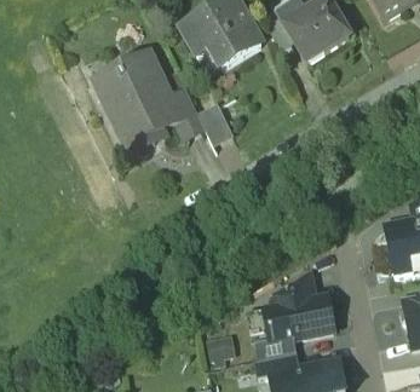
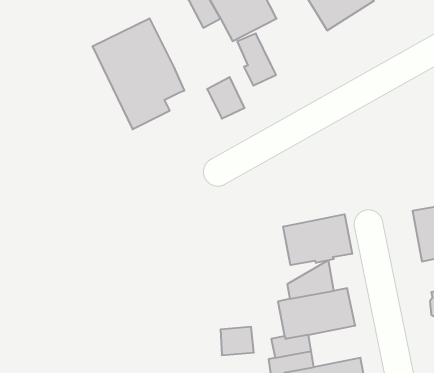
building: [168,86,203,133] -> [237,33,276,86]
building: none -> [283,214,352,265]

